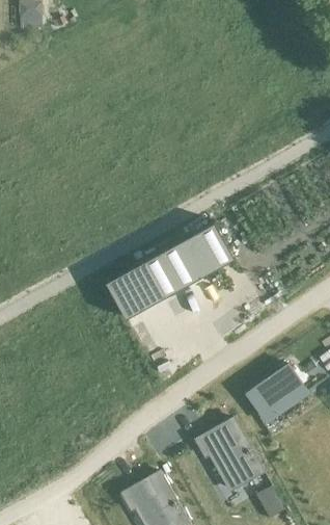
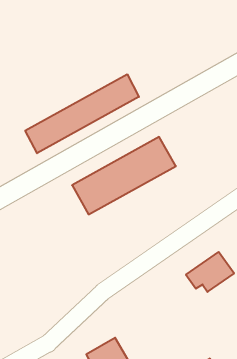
building: none -> [25,74,139,153]
building: [196,419,263,491] -> none

